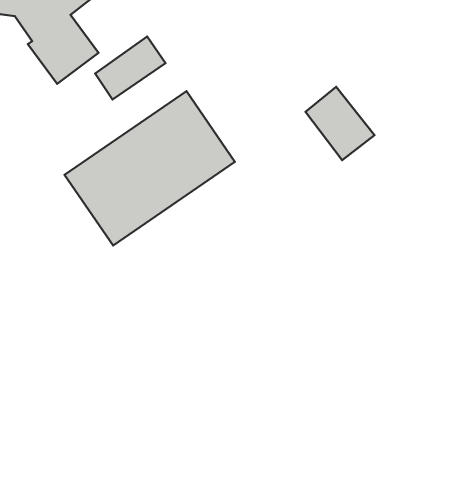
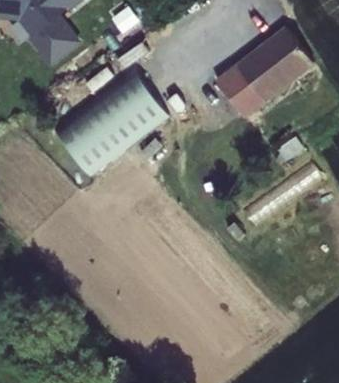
building: none -> [238,29,314,99]
building: [95,37,166,100] -> none

